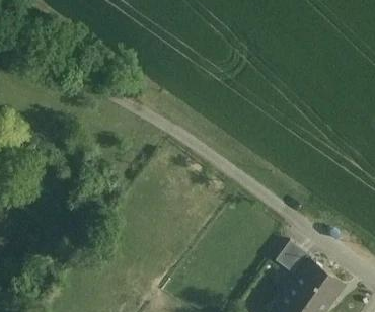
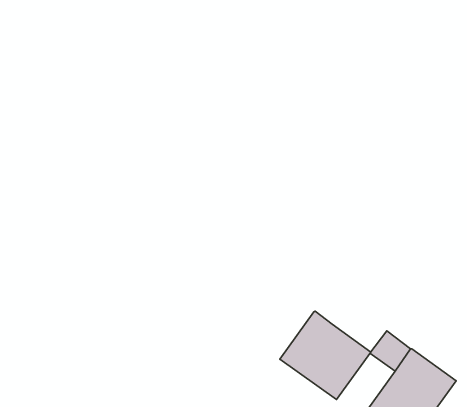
building: none -> [280,311,371,400]

